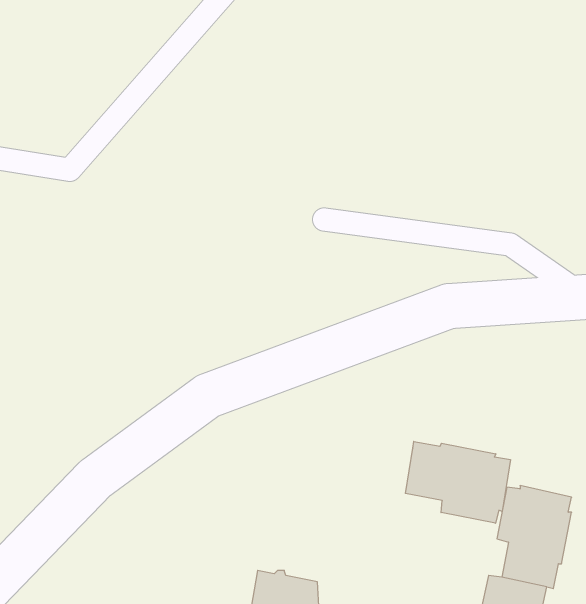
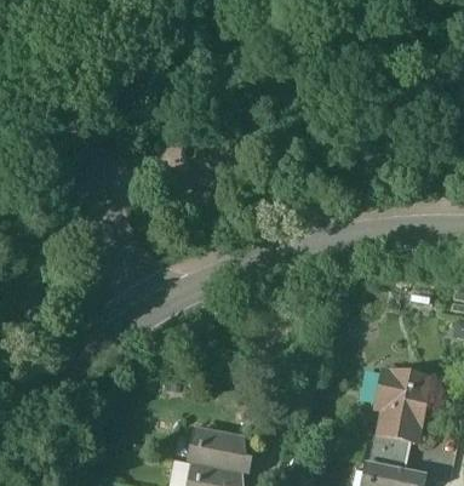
building: [405,441,510,523] -> none

